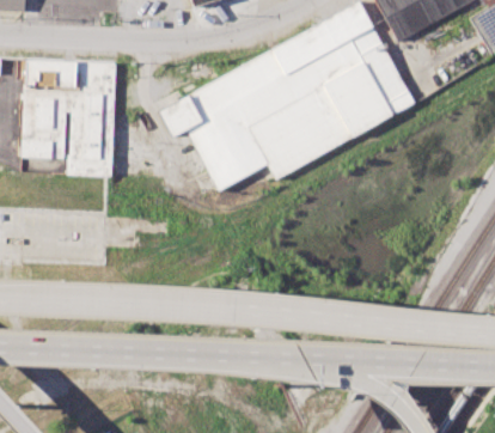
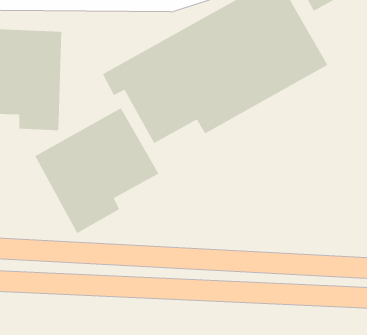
building: none -> [34,107,160,234]

